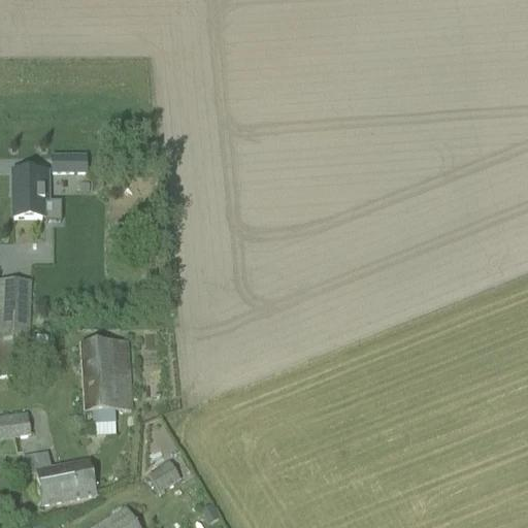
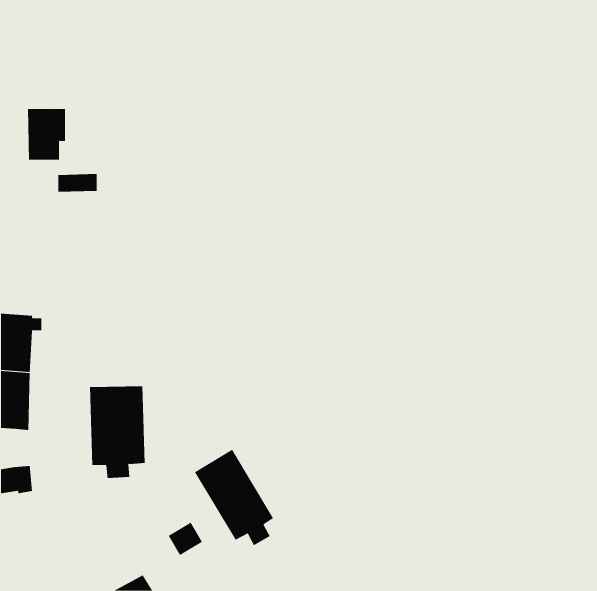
building: [13,169,47,214] -> [27,109,66,160]
building: none -> [194,449,274,546]
building: [23,449,96,503] -> none

